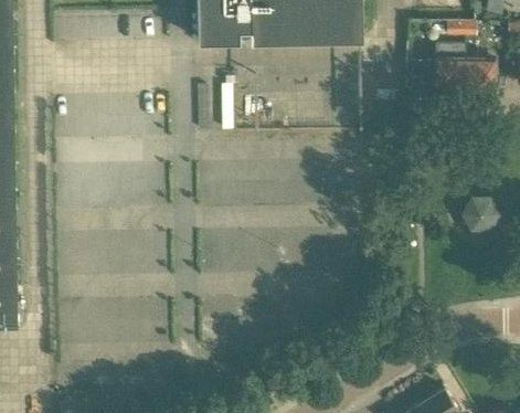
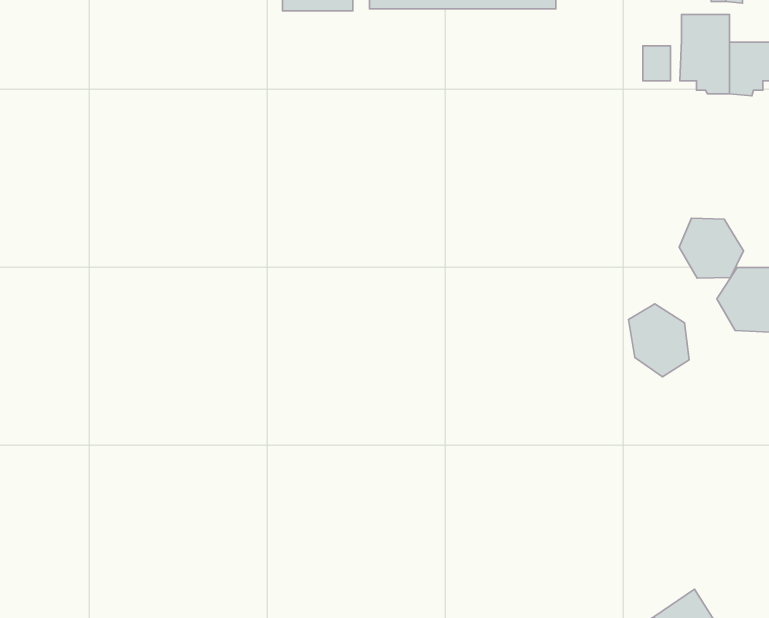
building: none -> [679,218,744,278]
building: none -> [629,304,689,377]

